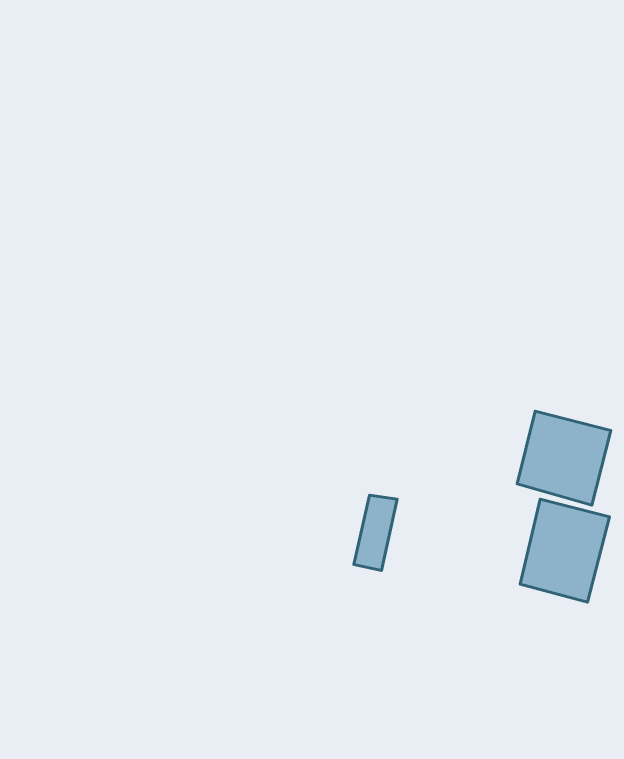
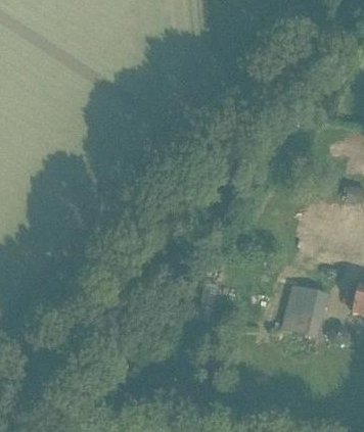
building: [517,411,611,505] -> none

